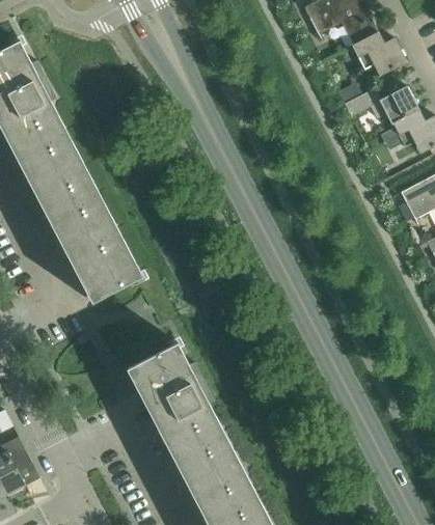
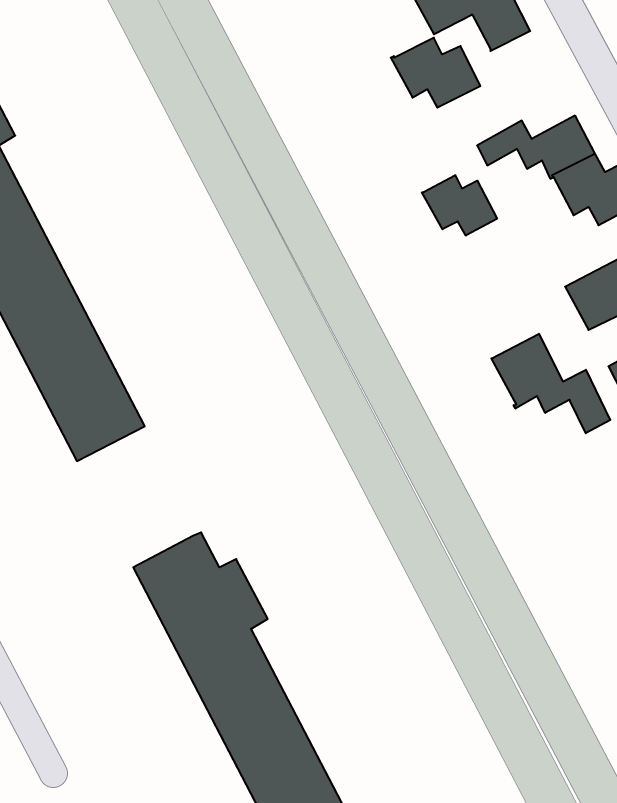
building: [351,32,407,76] -> [391,38,480,108]
building: none -> [422,175,497,236]
building: none -> [491,334,610,433]

